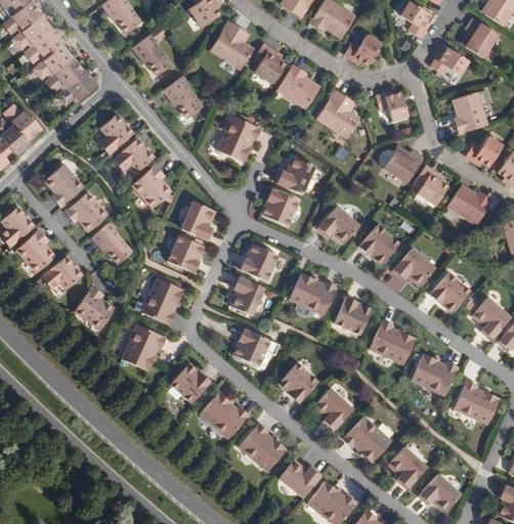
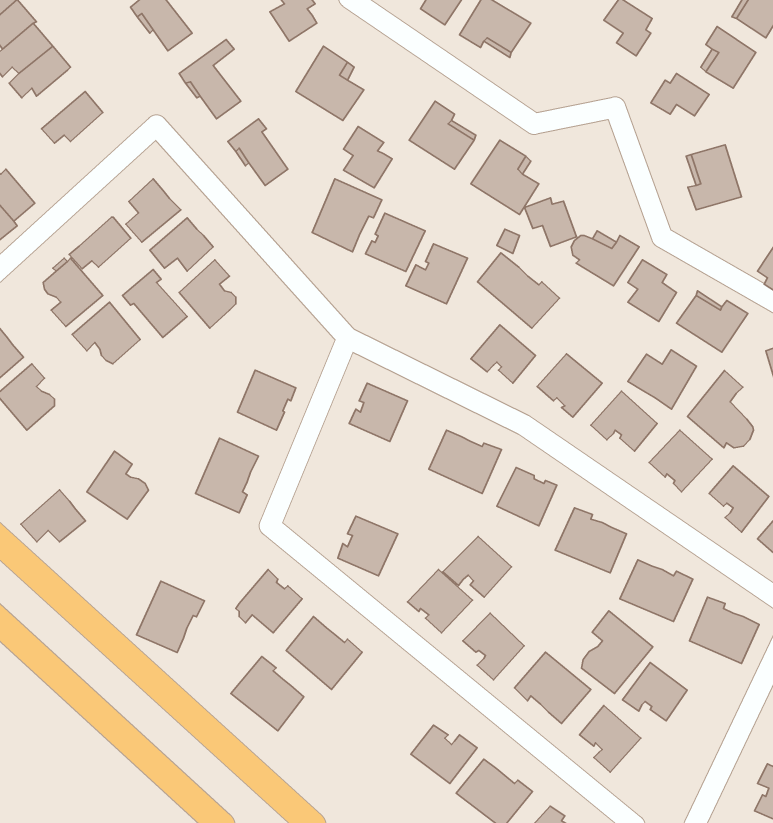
building: [344,35,380,64] -> none
building: [255,44,286,83] -> [343,126,392,188]
building: [33,46,73,80] -> none
building: [57,73,96,105] -> [69,217,131,269]
building: [374,91,406,122] -> [525,198,576,246]
building: [465,137,502,168] -> none
building: none -> [478,253,559,328]
building: [261,187,299,224] -> [365,213,425,272]
building: [181,200,216,241] -> none
building: [91,222,132,265] -> [122,270,187,338]
building: none -> [628,350,696,409]
building: none -> [687,371,754,448]
building: [41,257,82,290] -> [21,490,86,542]
building: [229,275,263,314] -> none
building: [123,324,166,369] -> [136,581,205,653]
building: none -> [443,536,511,597]
building: none -> [581,611,653,694]
building: [239,423,285,470] -> [231,656,304,731]
building: [420,475,461,512] -> [623,663,687,721]

